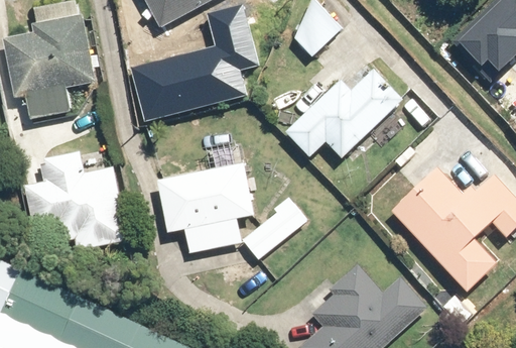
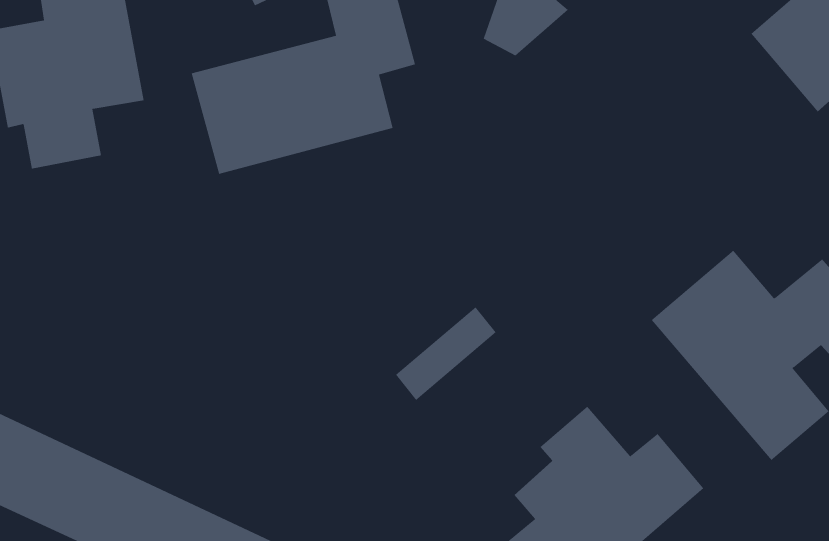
building: [284,72,403,163] -> none
building: [158,138,254,253] -> none
building: [26,142,131,244] -> none

